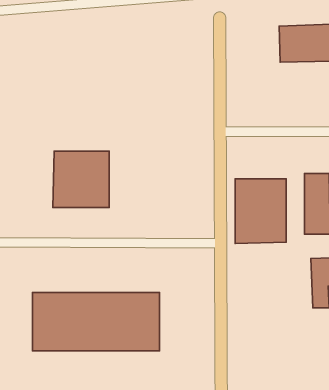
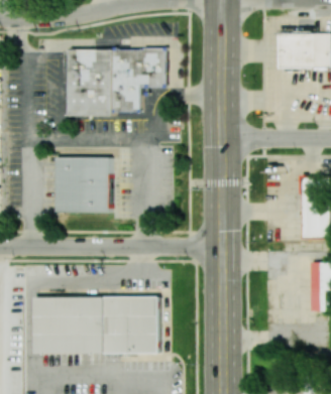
building: none -> [69,46,167,116]
building: [235,179,286,243] -> none

